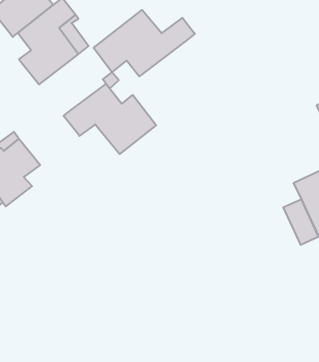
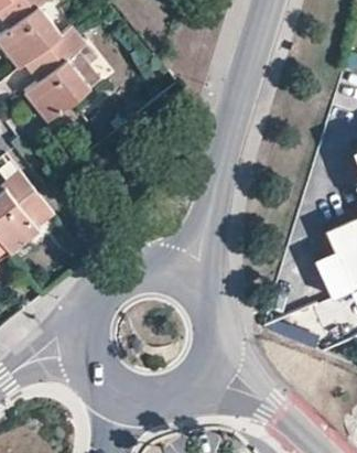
building: [94,10,195,76] -> none
building: [64,84,156,154] -> none

